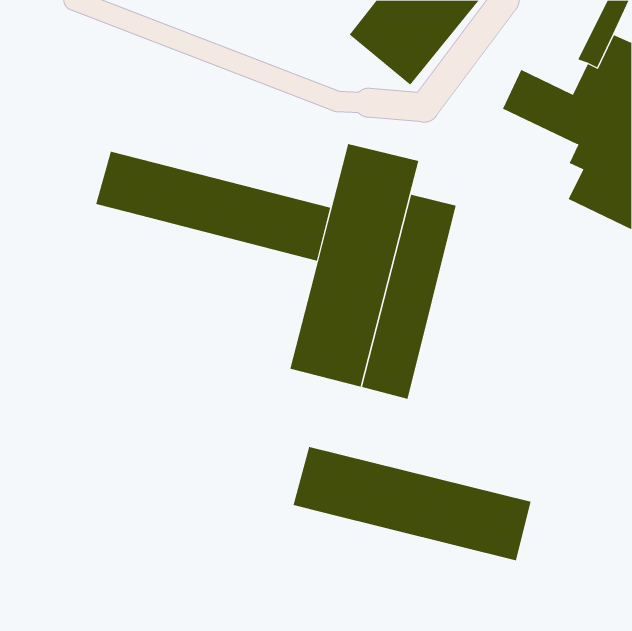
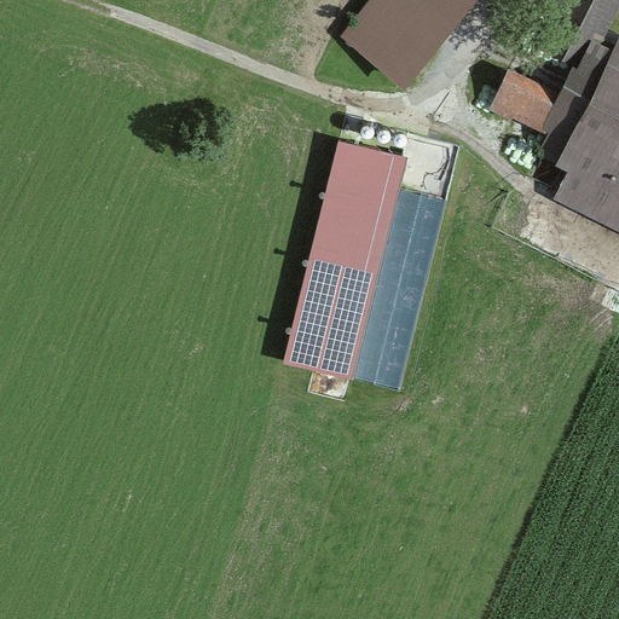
building: [96,151,331,261] -> none
building: [293,446,531,561] -> none

